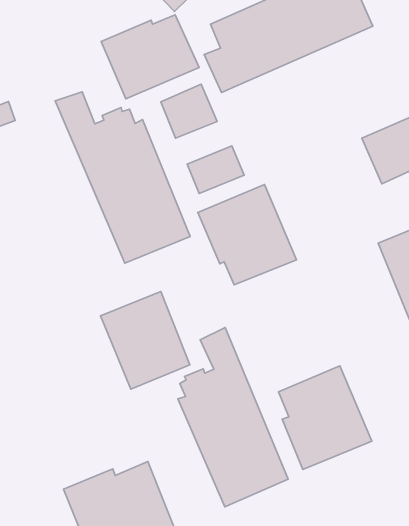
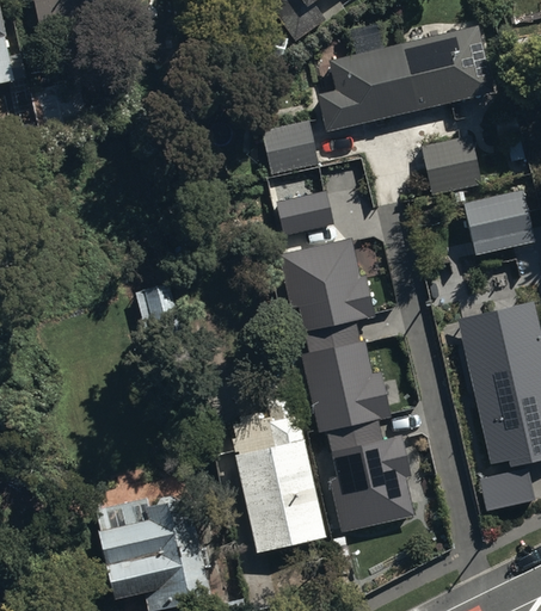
building: [101,15,199,99] -> none
building: none -> [422,134,481,192]
building: [55,92,190,263] -> none
building: [101,291,190,389] -> [302,337,385,431]

